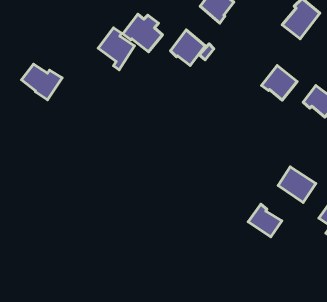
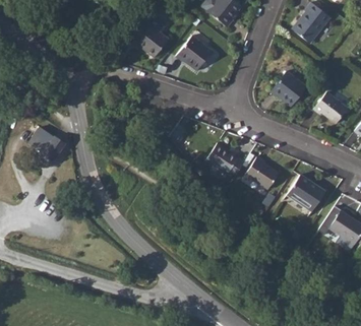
building: [98,28,135,70] -> none
building: [22,64,62,100] -> [28,125,70,161]
building: none -> [206,143,245,179]
building: [248,204,282,237] -> [245,156,280,190]

